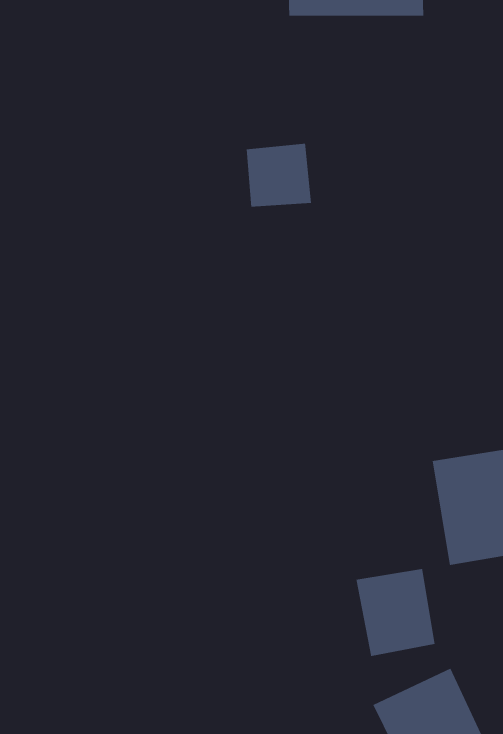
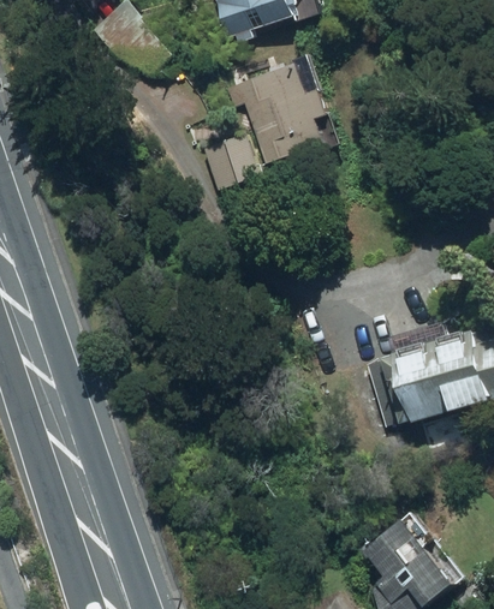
building: none -> [242,59,327,159]
building: [356,568,435,657] -> none

